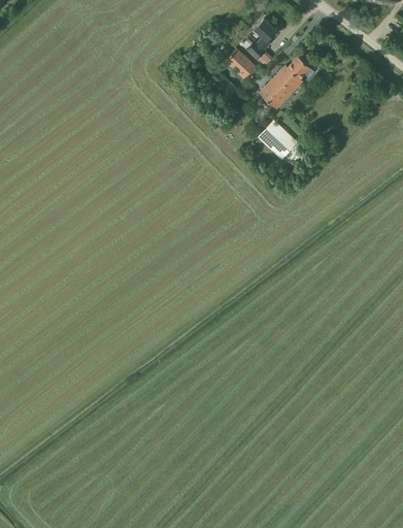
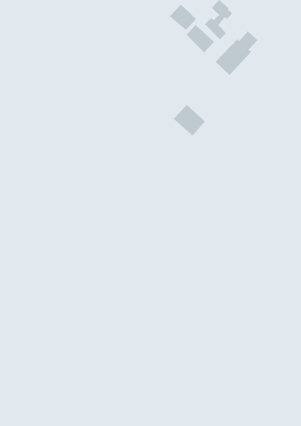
building: none -> [169,4,197,31]
building: [258,121,297,159] -> [173,104,206,136]

